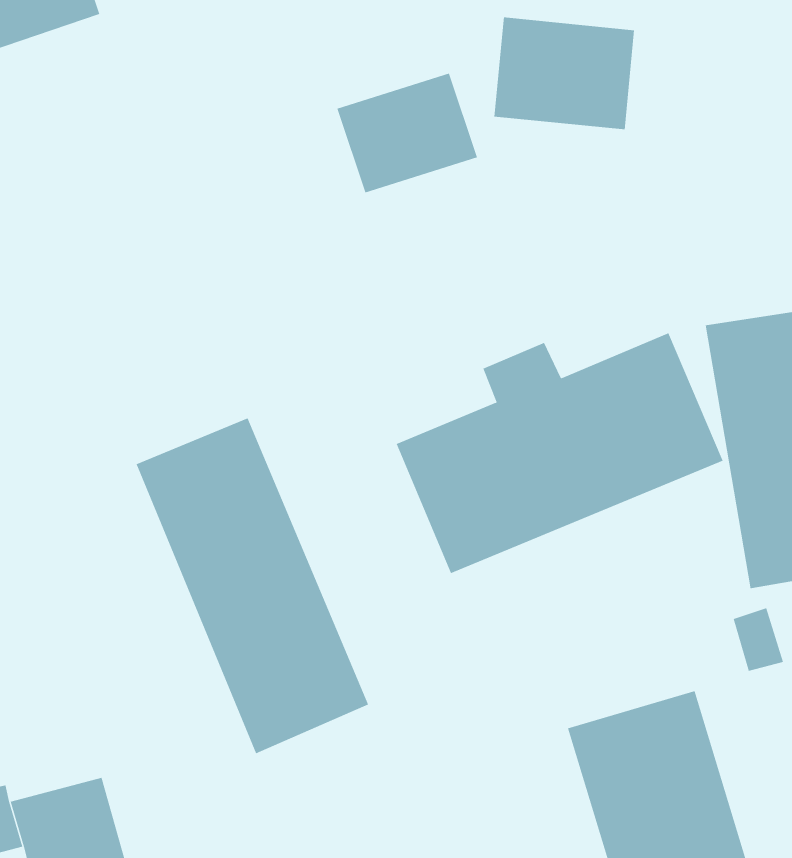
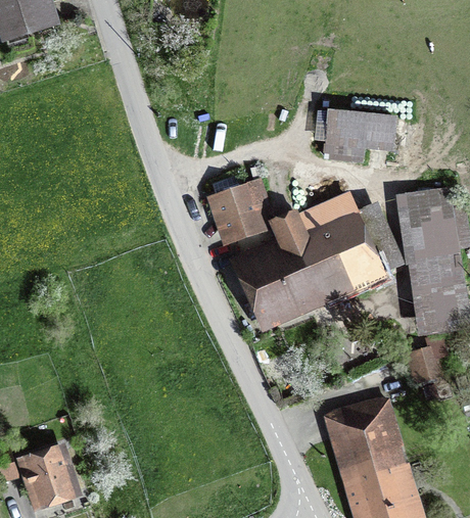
building: [494,17,635,130] -> [324,106,401,168]
building: [337,73,478,193] -> [197,177,274,242]
building: [136,418,369,754] -> none

